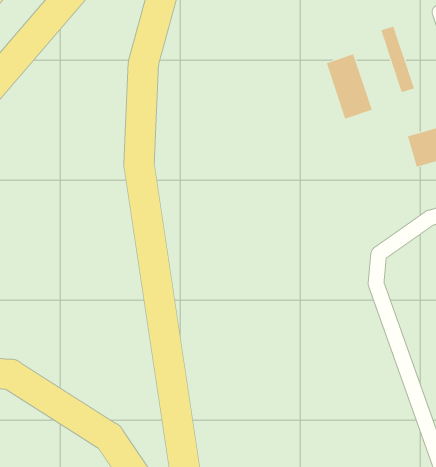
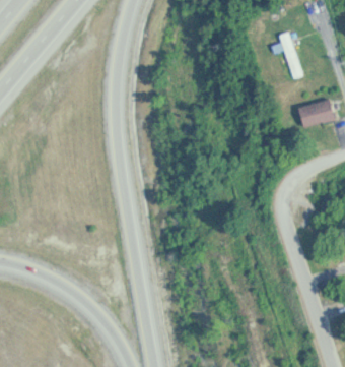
building: [326,53,372,119] -> none

